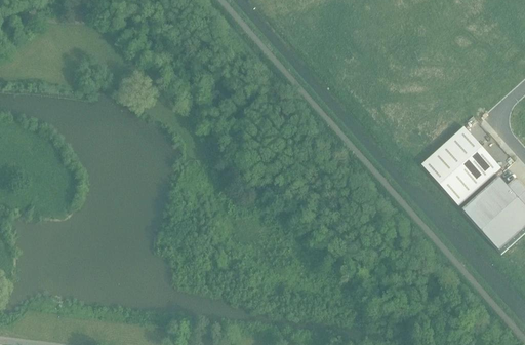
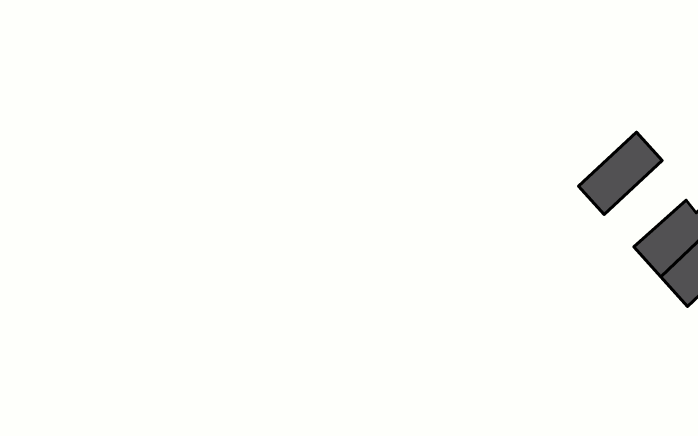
building: [444,141,504,200] -> none

